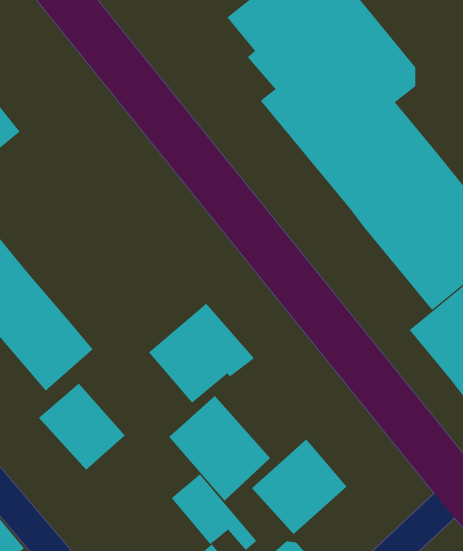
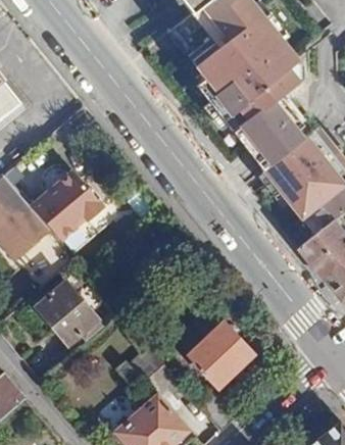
building: [148,303,255,404] -> [30,170,104,241]
building: [168,395,271,501] -> none

